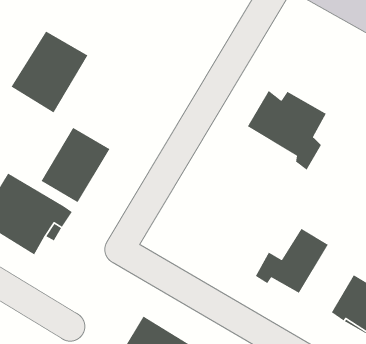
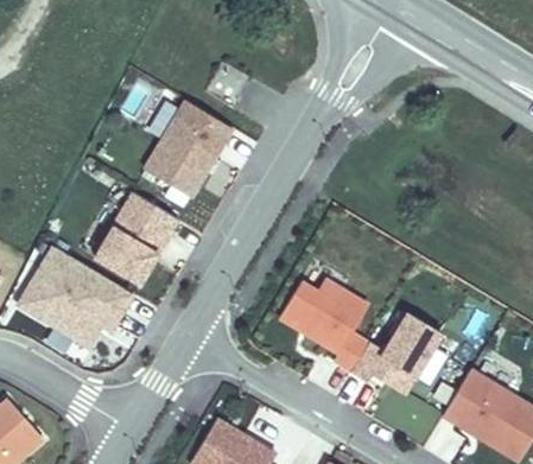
building: [10,31,88,114] -> [138,96,231,196]
building: [247,90,327,171] -> [274,273,370,370]

